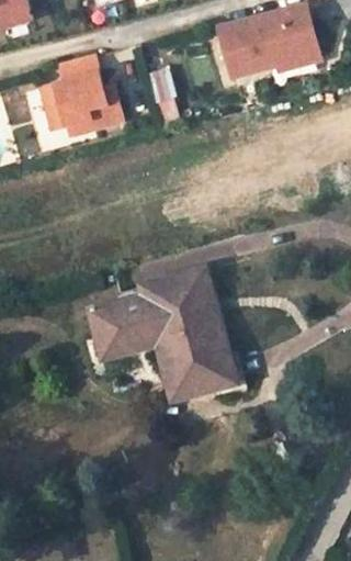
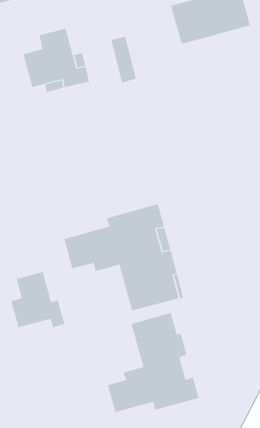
building: none -> [11,271,65,328]
building: none -> [107,312,199,413]

